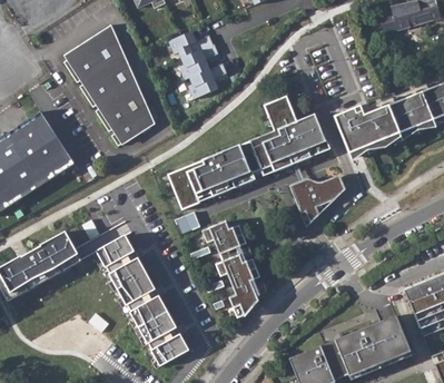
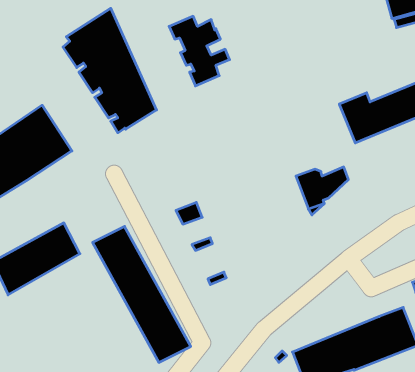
building: [168,95,327,209] -> none
building: [203,220,260,317] -> none

